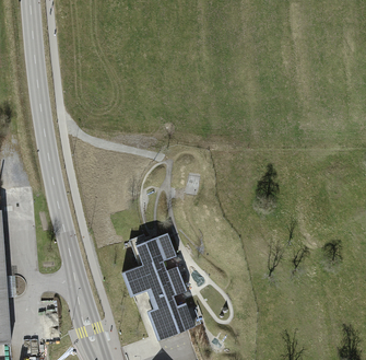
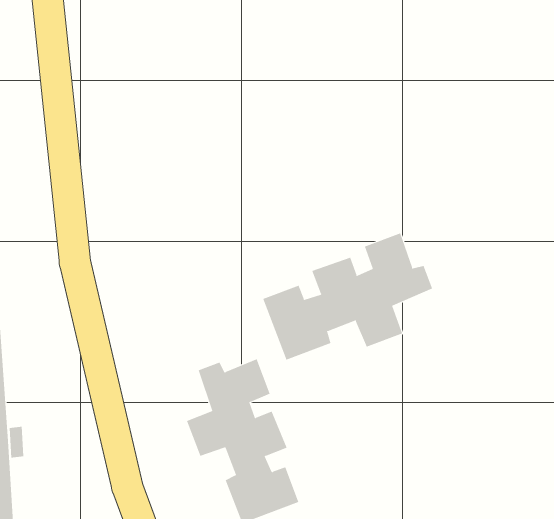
building: none -> [263,232,433,361]

